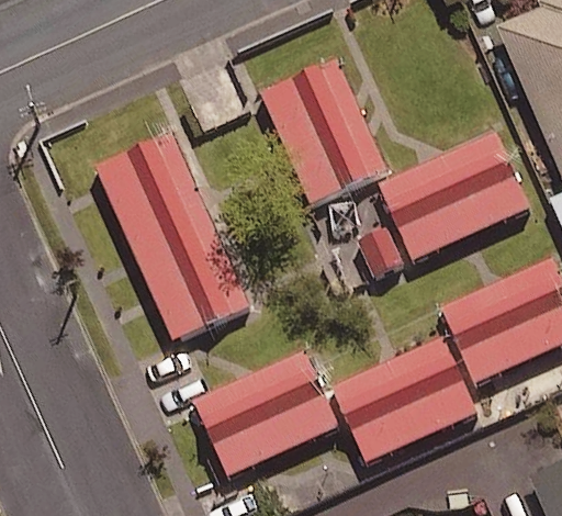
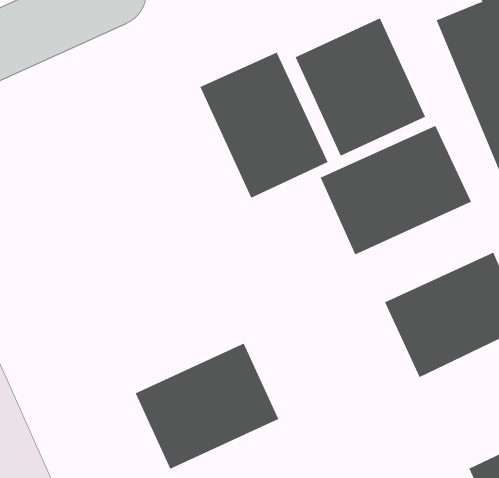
building: none -> [295,18,426,156]
building: [97,133,250,339] -> none
building: [329,335,479,463] -> none

